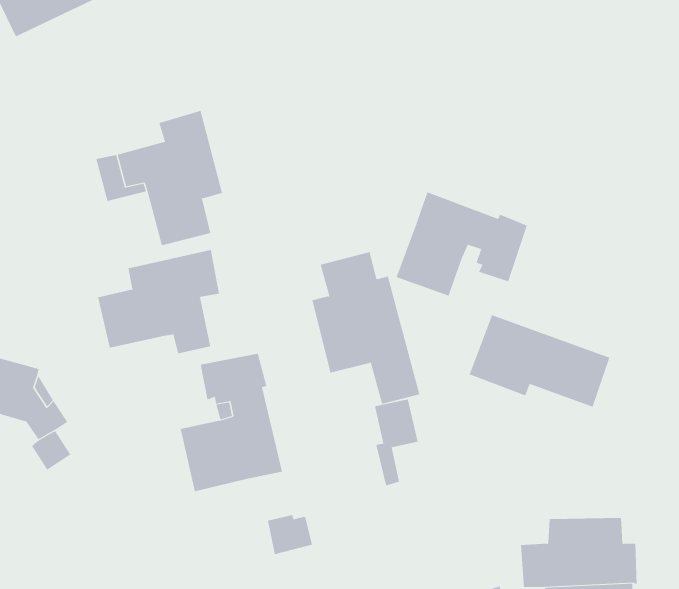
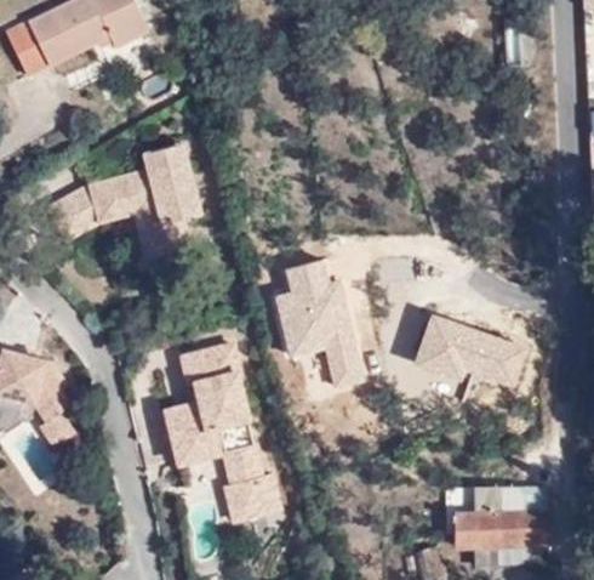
building: none -> [50,181,102,235]
building: [396,191,527,297] -> none
building: [98,249,220,354] -> none
building: [374,399,418,486] -> [222,447,259,521]

